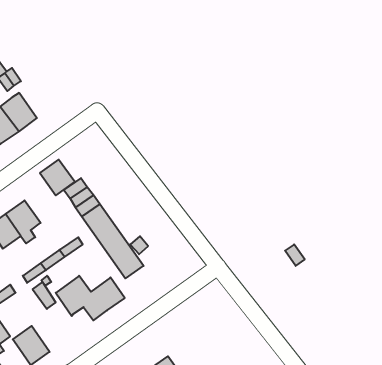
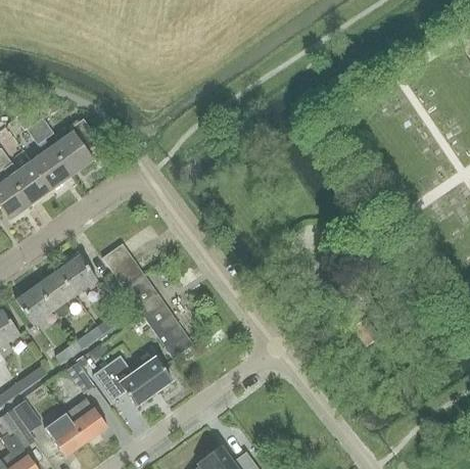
building: none -> [51,119,99,175]
building: [40,160,75,195] -> [57,253,97,294]
building: none -> [65,397,107,441]

